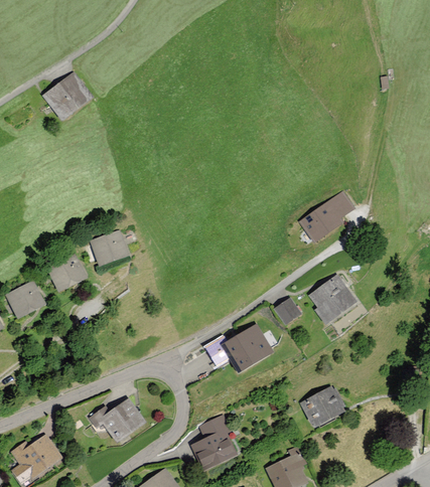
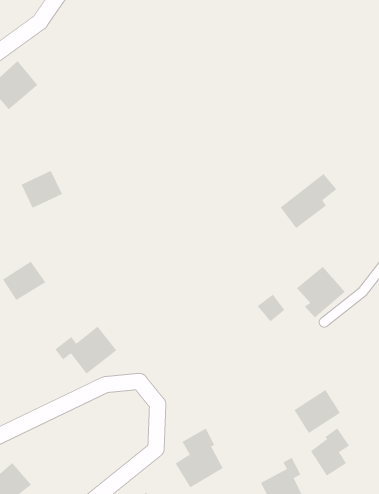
building: [91,230,128,264] -> [21,170,63,208]
building: [205,326,272,369] -> none
building: [90,398,146,442] -> [54,326,117,375]
building: none -> [310,427,350,476]

